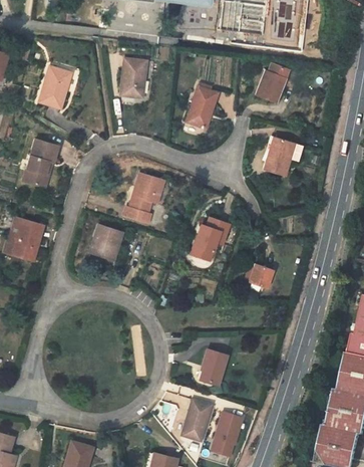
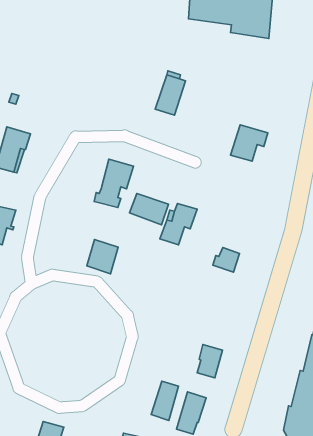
building: [120,59,146,97] -> none
building: [256,63,288,101] -> none
building: [38,65,71,108] -> none
building: none -> [130,194,168,225]
building: [89,225,121,260] -> [87,239,118,274]
building: [200,349,226,384] -> [197,344,223,378]

